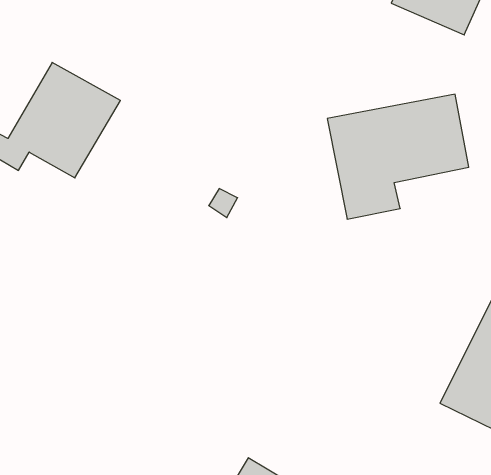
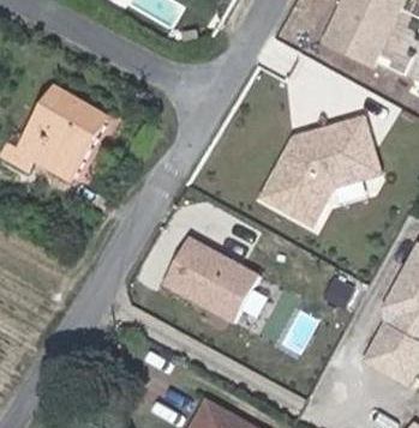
building: none -> [160,234,265,325]

